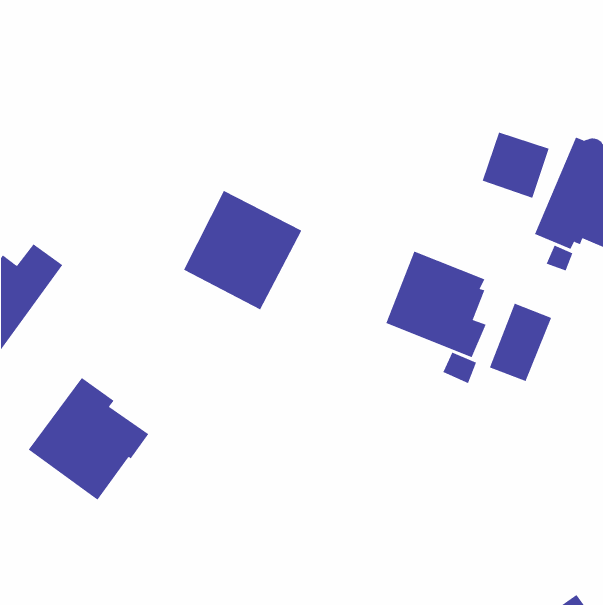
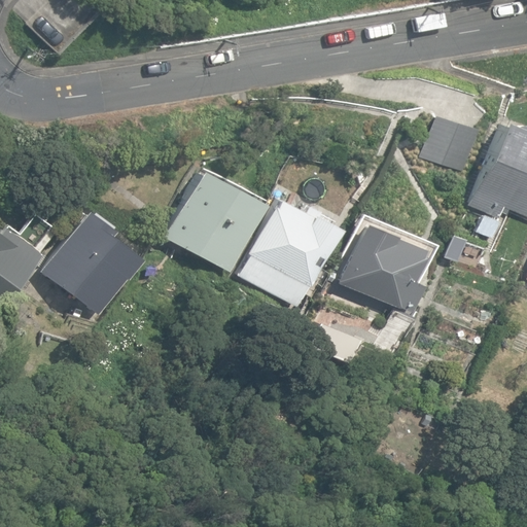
building: none -> [238,198,343,307]
building: [489,303,552,382] -> none
building: [28,377,149,501] -> [39,208,144,315]

